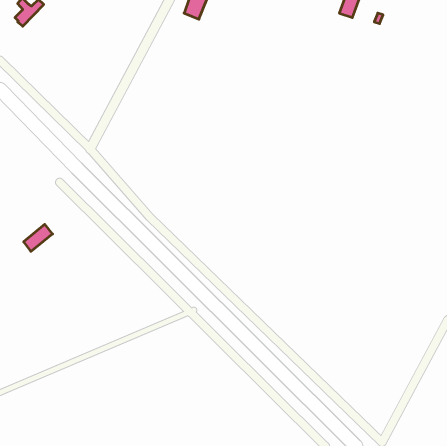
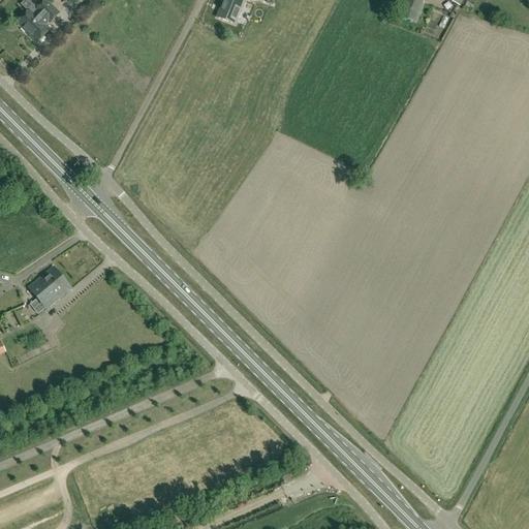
building: none -> [28,5,60,40]
building: none -> [37,276,72,308]

